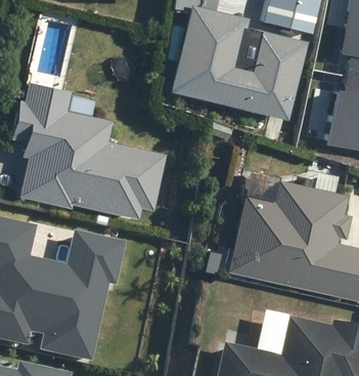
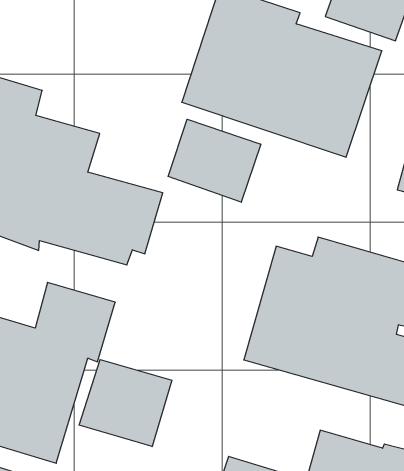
building: none -> [168,119,261,202]
building: none -> [79,360,172,447]

